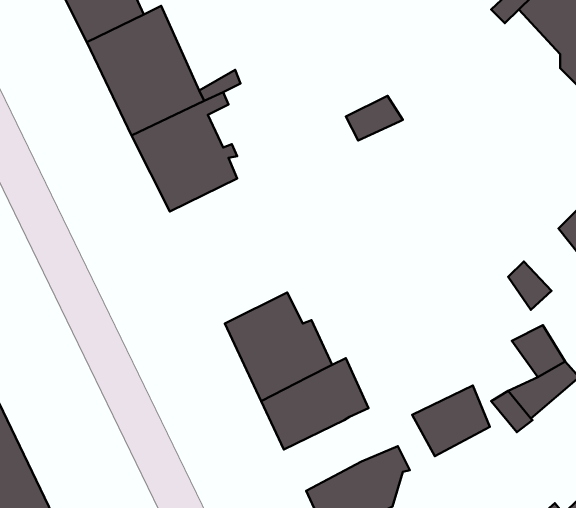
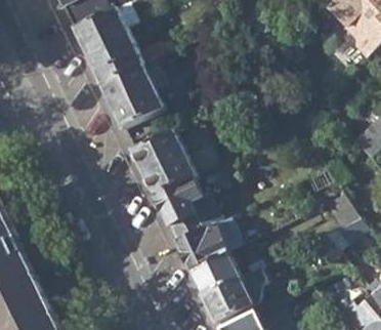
building: none -> [132,130,195,196]
building: [412,386,490,456] -> [189,253,236,295]

